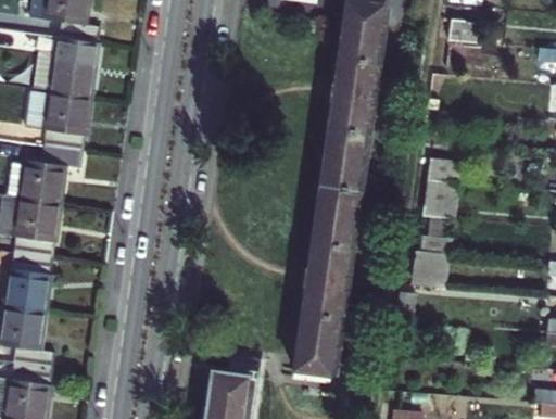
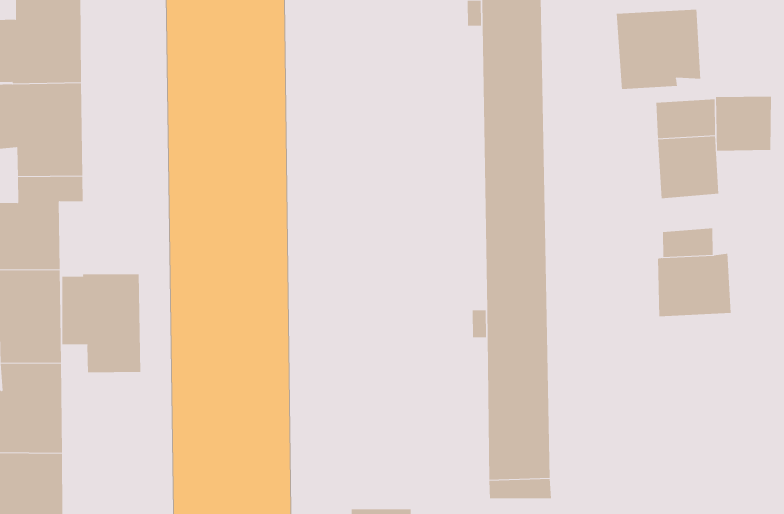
building: none -> [616,9,701,90]
building: none -> [716,96,772,151]
building: none -> [62,274,141,373]

